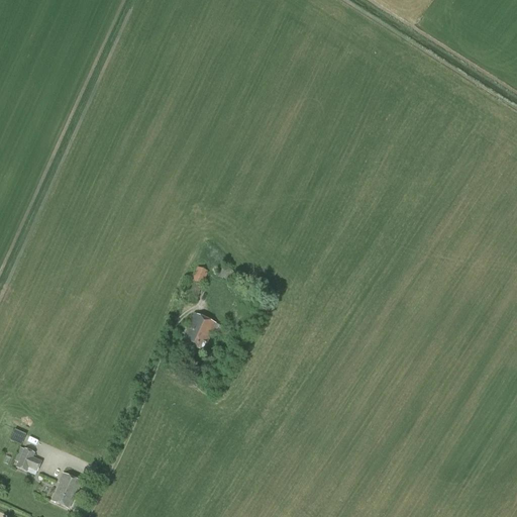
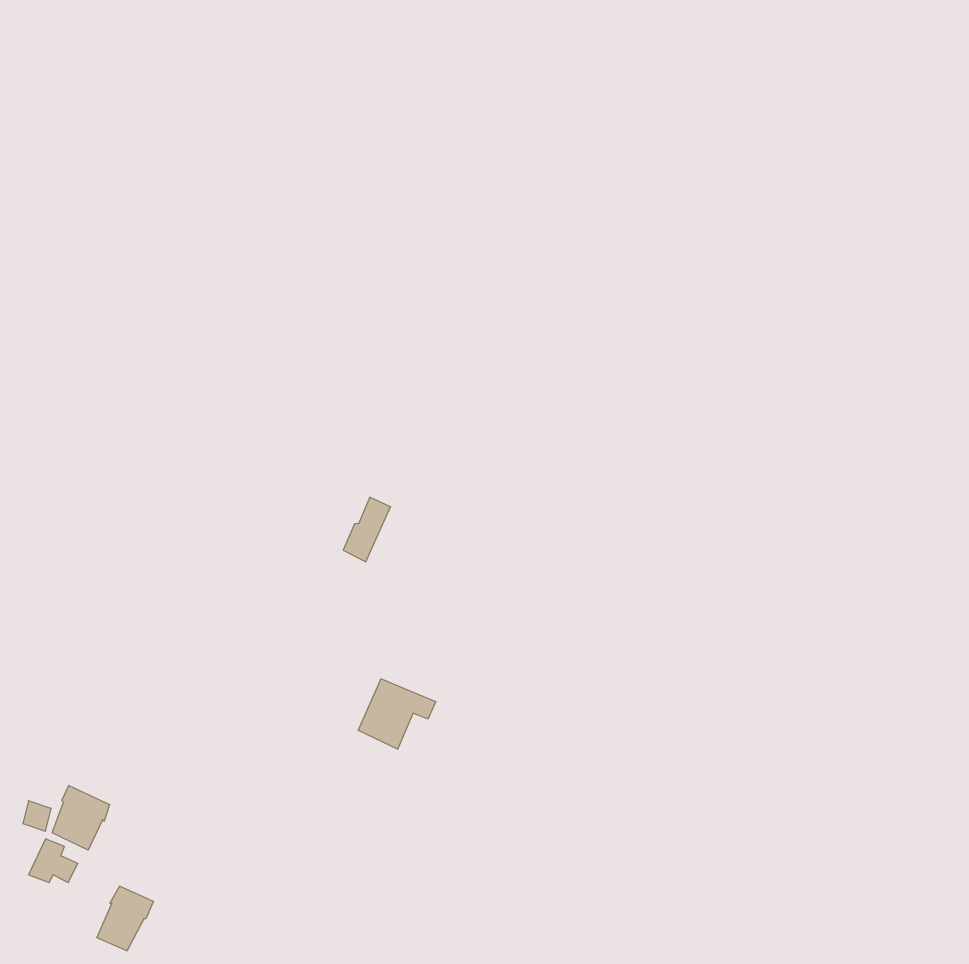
building: [182,312,223,349] -> [358,679,436,749]
building: none -> [52,785,110,850]

